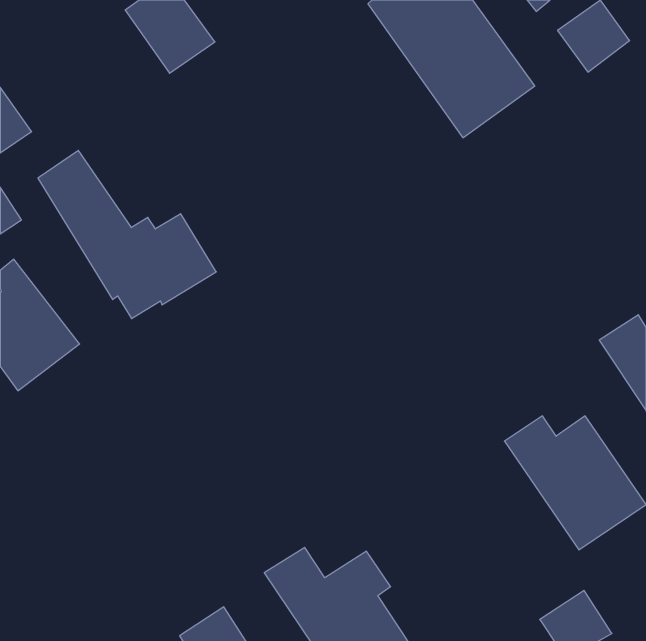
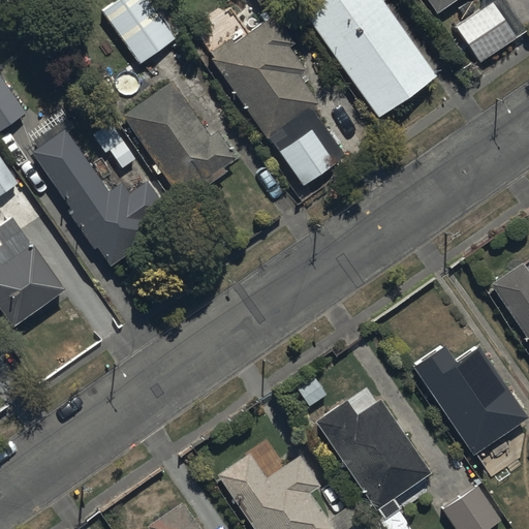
building: none -> [210,13,346,185]
building: none -> [121,80,237,194]
building: none -> [313,398,430,508]

